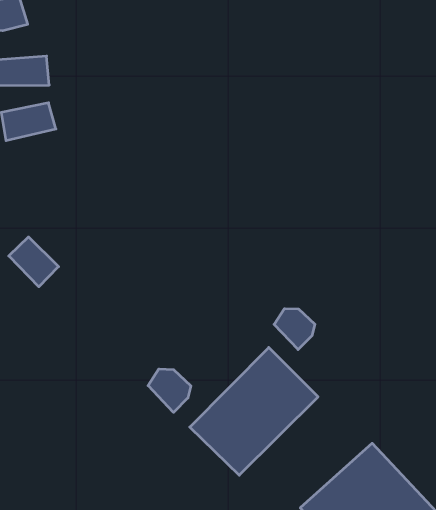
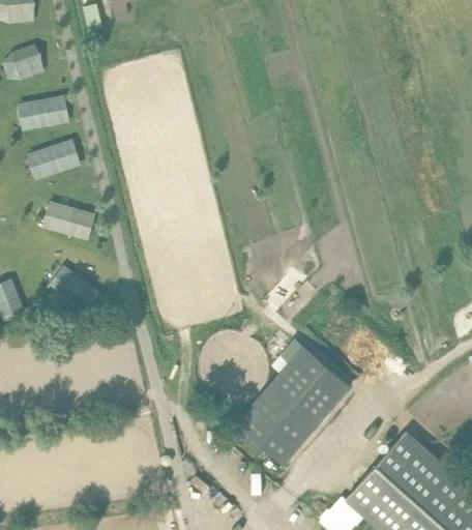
building: none -> [41,201,96,241]
building: [274,309,315,350] -> none
building: [148,369,191,412] -> none

